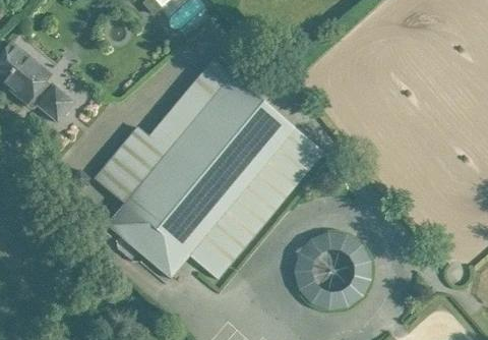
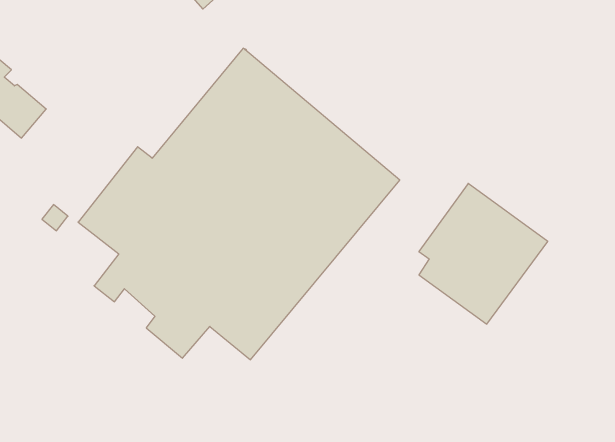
building: [296,224,386,323] -> [419,183,548,324]

